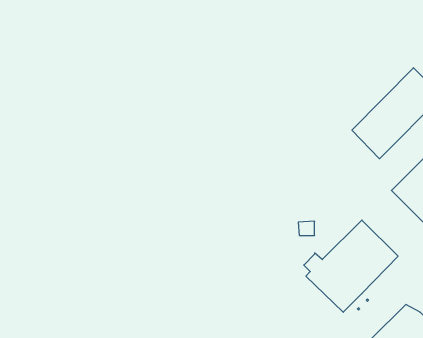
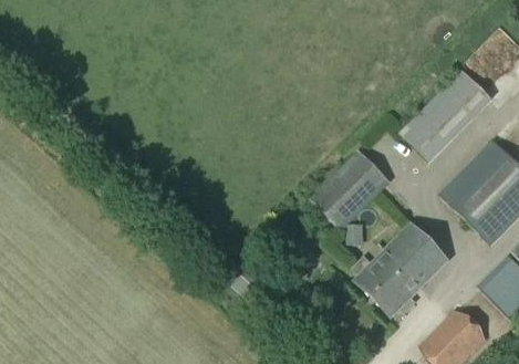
building: none -> [310,150,390,229]

